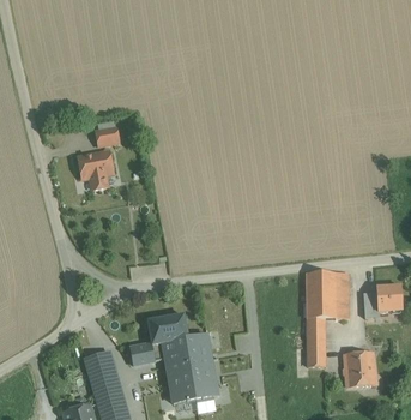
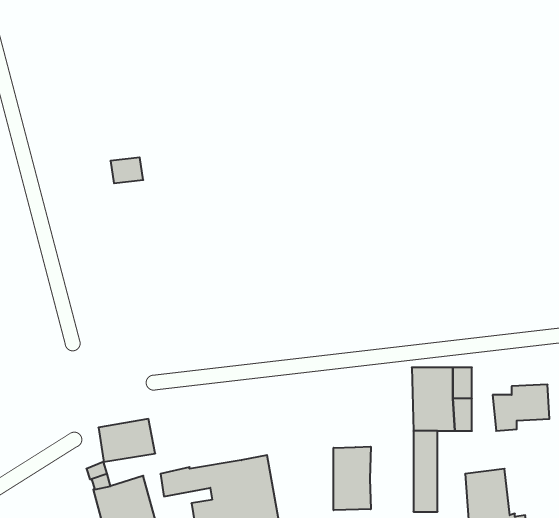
building: [77,152,114,196] -> none
building: [147,313,187,343] -> [98,419,155,462]
building: none -> [334,447,371,510]

